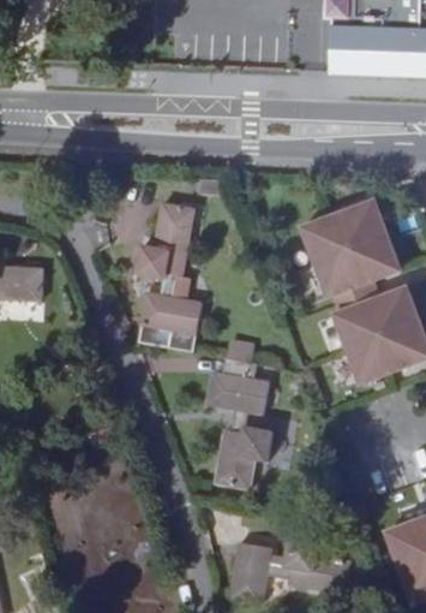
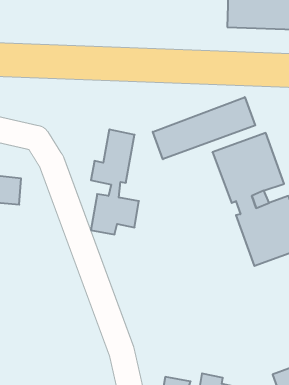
building: none -> [153,97,255,159]
building: [209,357,276,490] -> none

